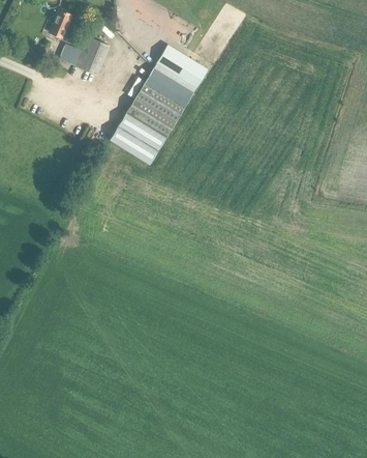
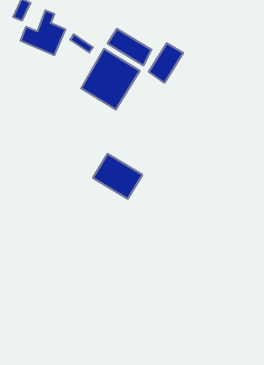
building: none -> [149,43,183,83]
building: [110,113,165,164] -> [93,154,142,199]

